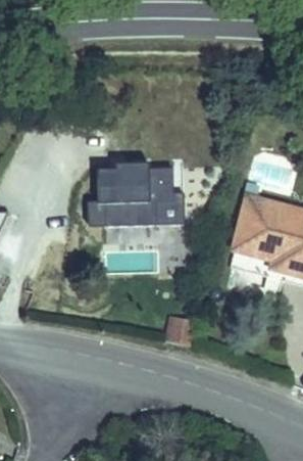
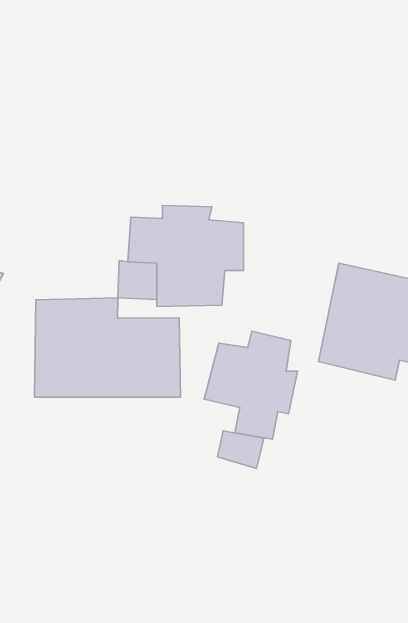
building: none -> [34,298,180,397]
building: none -> [204,331,297,439]

